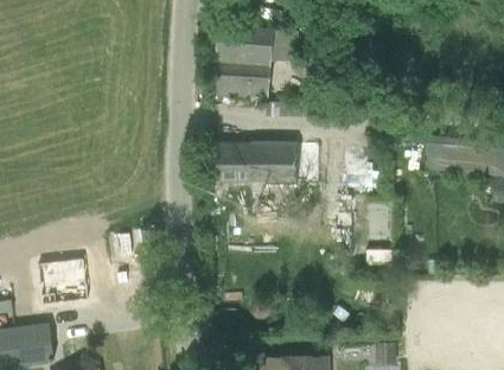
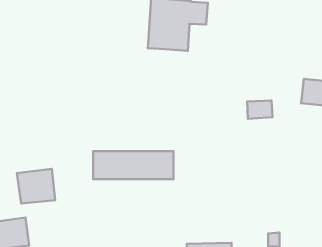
building: [209,142,318,180] -> [93,151,173,179]

